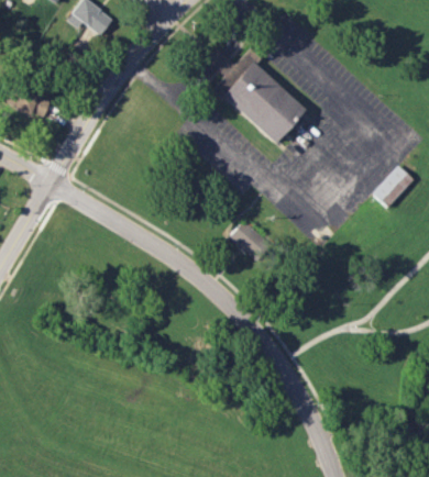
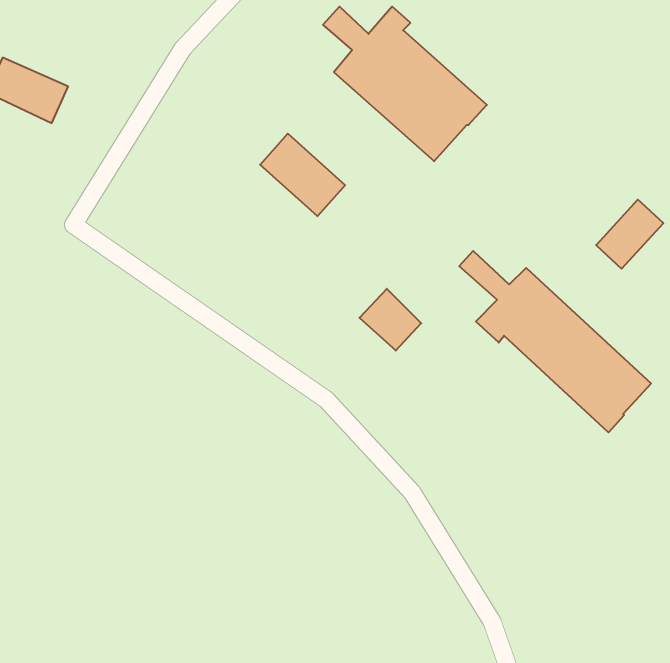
building: none -> [260,134,345,216]
building: none -> [459,251,651,432]

